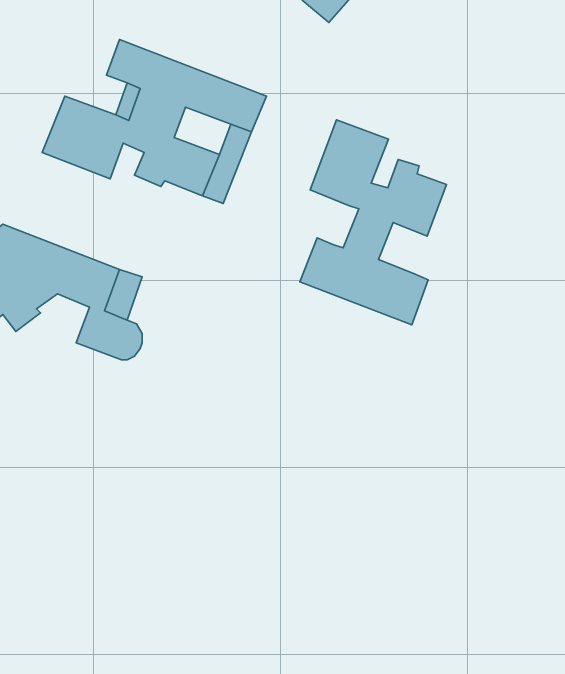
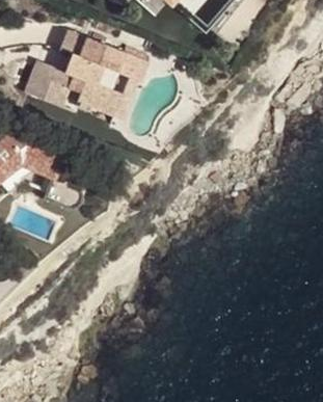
building: [300,120,446,325] -> none

